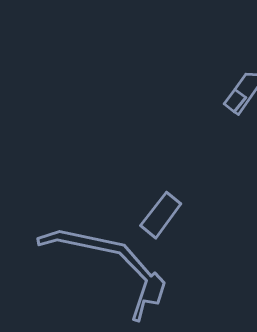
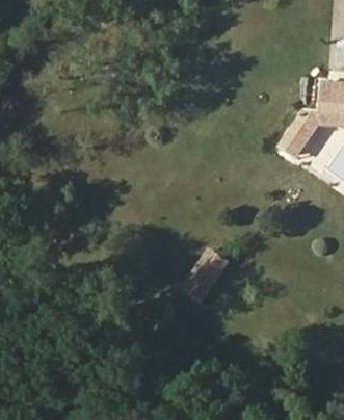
building: [38,231,164,321] -> none

